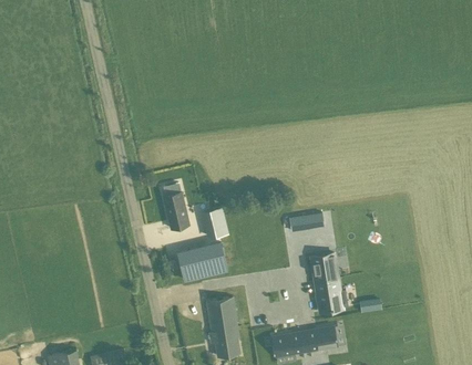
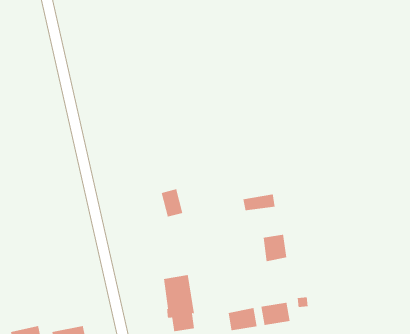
building: [164,191,189,228] -> none
building: [170,244,219,282] -> none
building: [315,279,347,310] -> none

